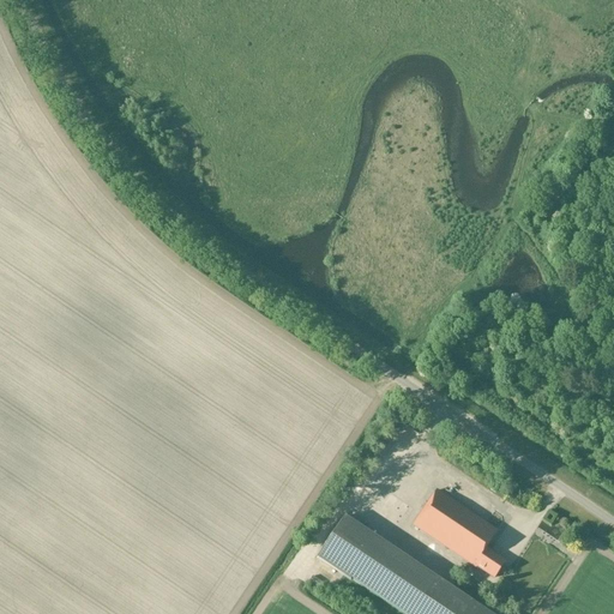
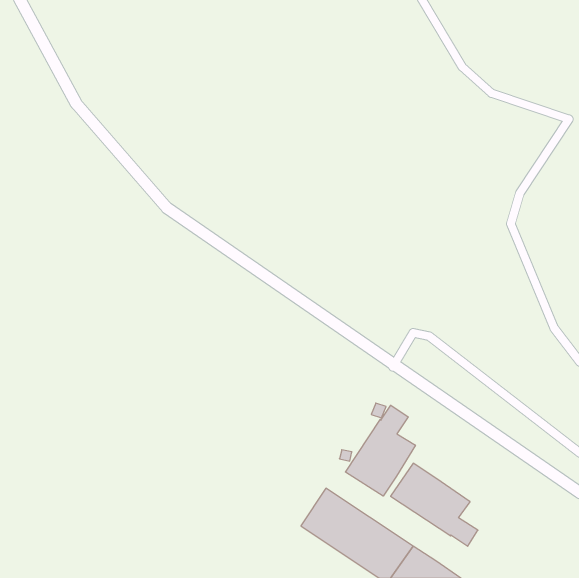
building: none -> [345,405,415,496]

